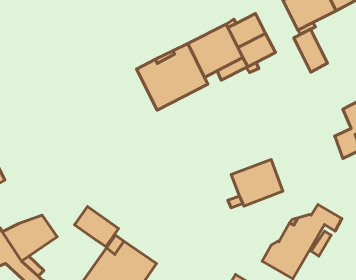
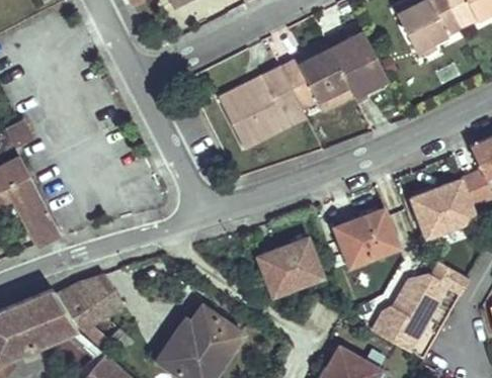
building: [294,29,328,72] -> none
building: none -> [412,181,474,237]
building: none -> [257,240,320,296]
building: [75,207,119,247] -> none

